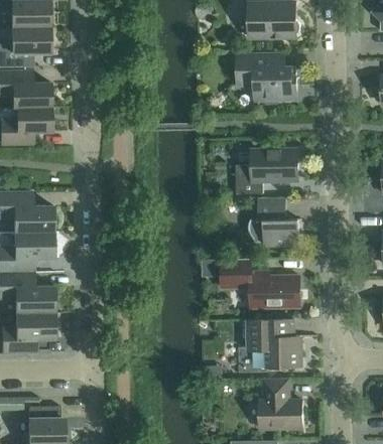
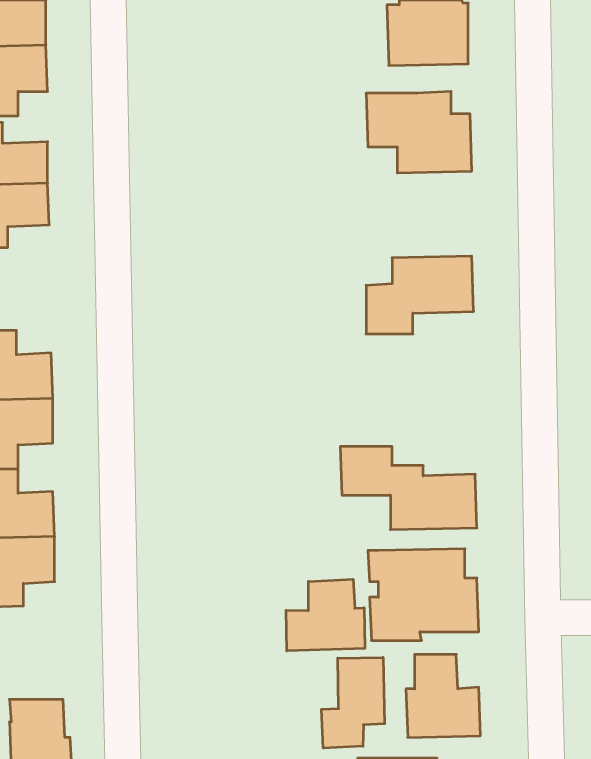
building: [248,198,299,248] -> none
building: none -> [286,579,365,651]
building: none -> [322,657,385,748]

